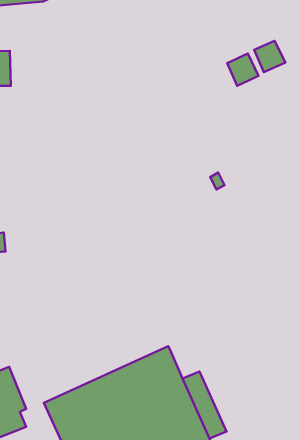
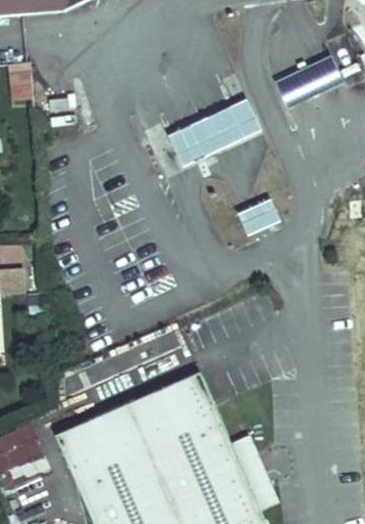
building: none -> [171,96,265,163]
building: none -> [55,369,212,466]

